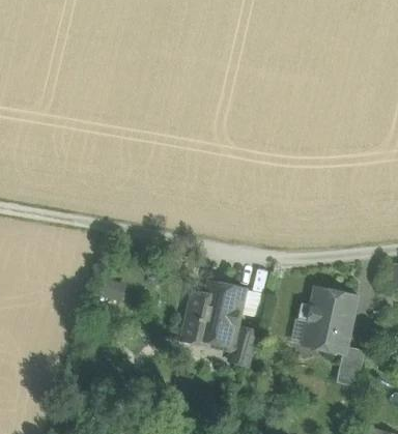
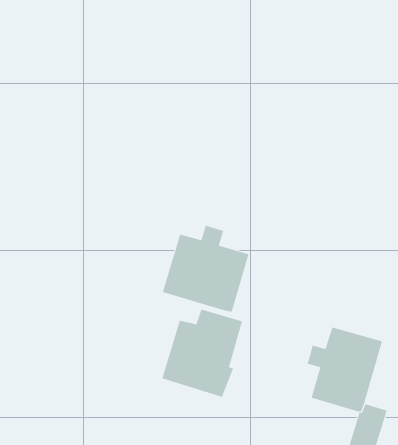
building: none -> [162,225,249,312]
building: [229,326,256,366] -> none

